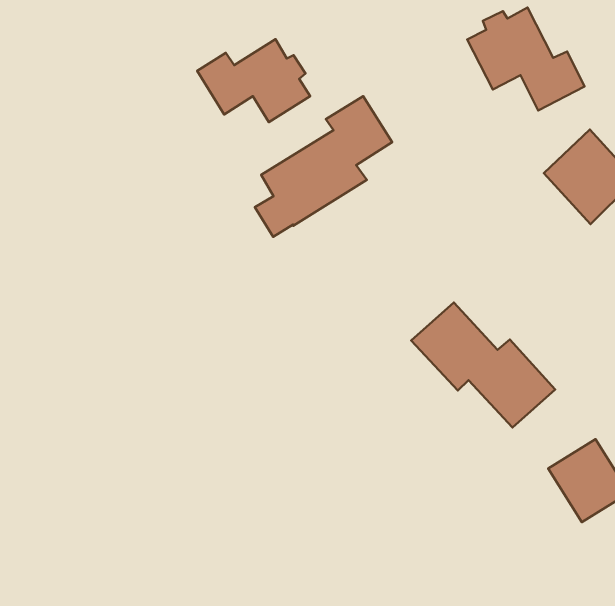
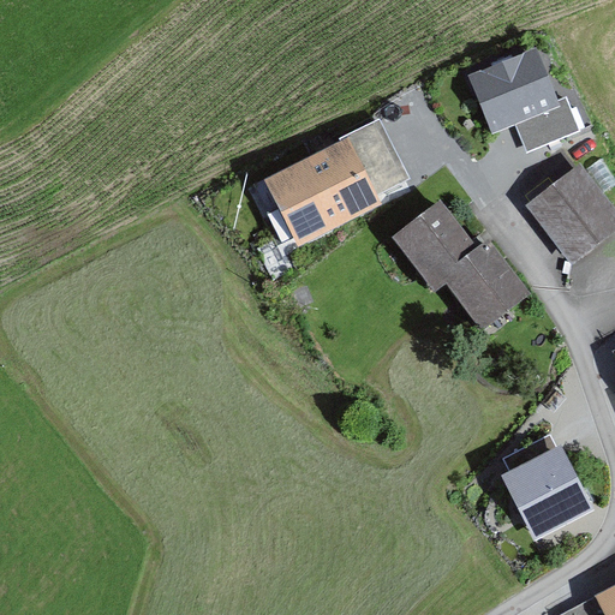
building: [197,39,310,122] -> none
building: [411,303,555,428] -> [395,205,523,324]

